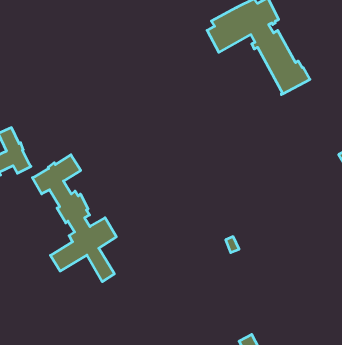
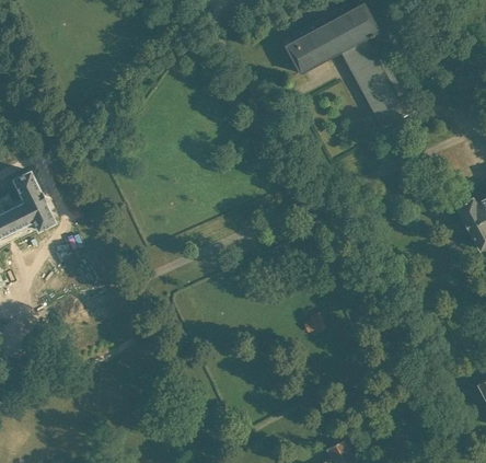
building: [32,155,116,282] -> none

